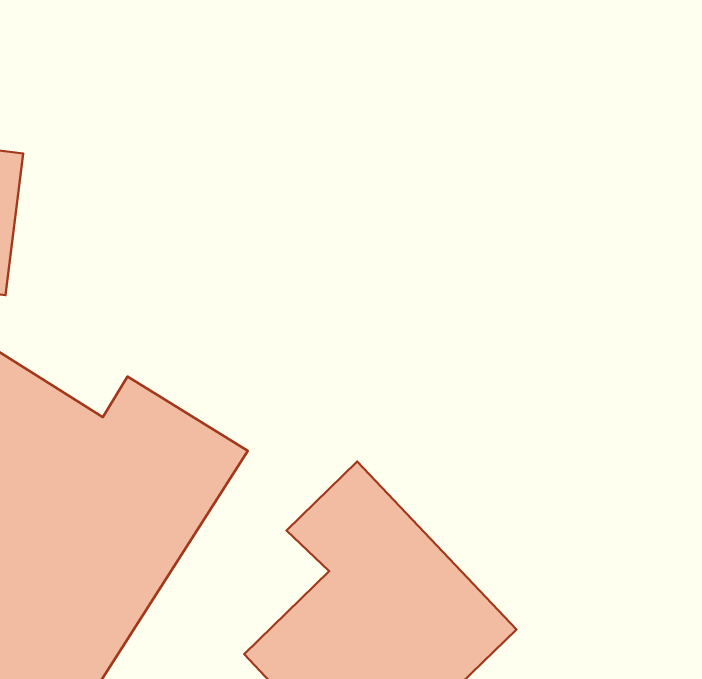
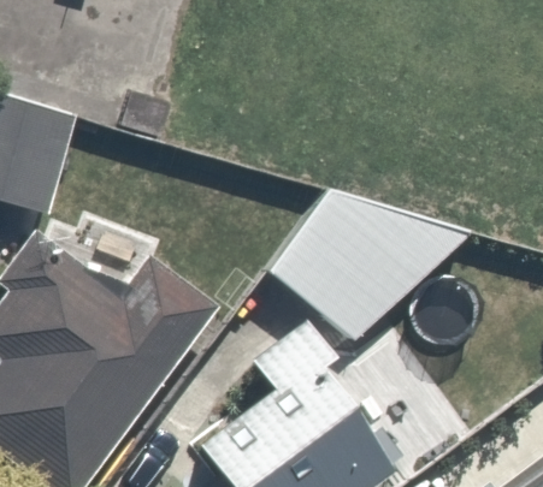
building: none -> [271,183,424,335]

